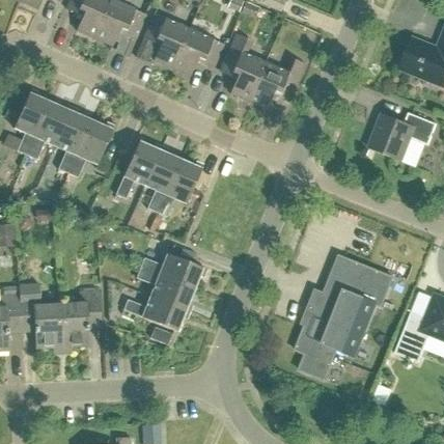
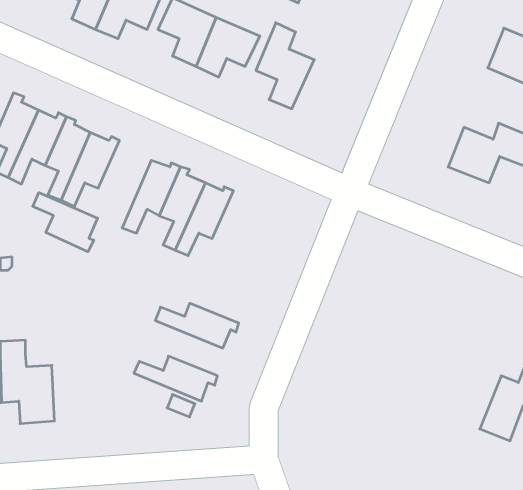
building: [247,57,304,109] -> none
building: none -> [33,193,98,252]
building: [297,256,393,380] -> none
building: [135,267,193,310] -> none
building: [59,289,101,345] -> none

